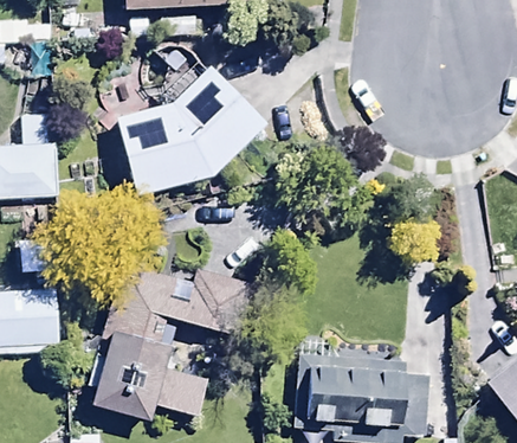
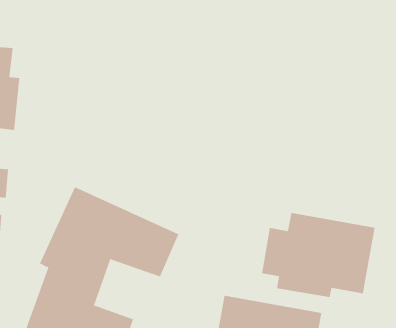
building: [116,68,269,195] -> none
building: none -> [261,212,375,298]

